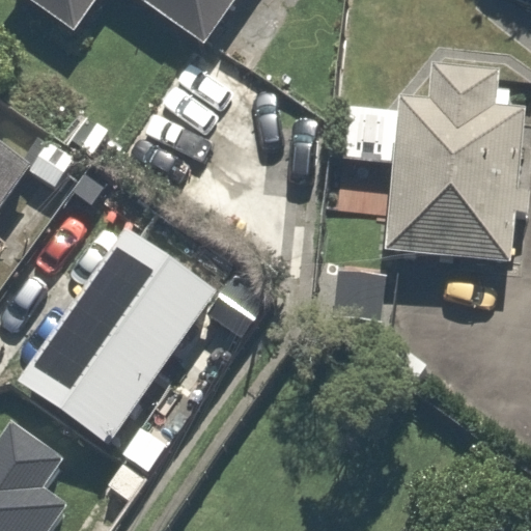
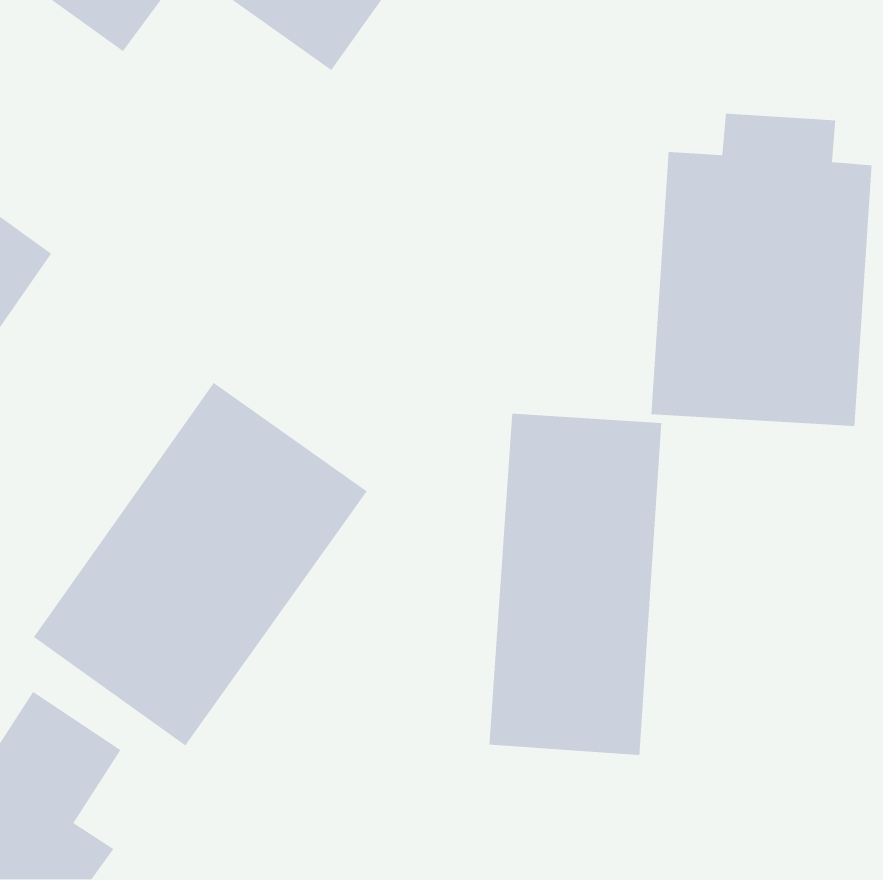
building: none -> [488,413,662,756]

